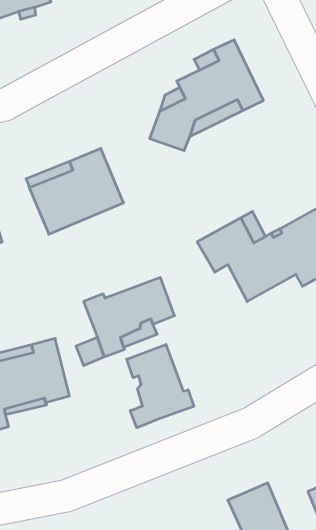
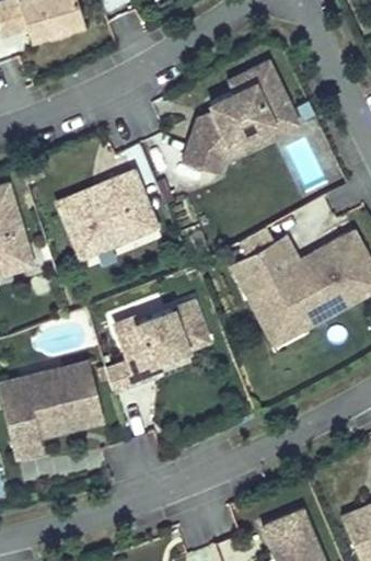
building: none -> [247,287,336,343]
building: [127,344,194,428] -> none

